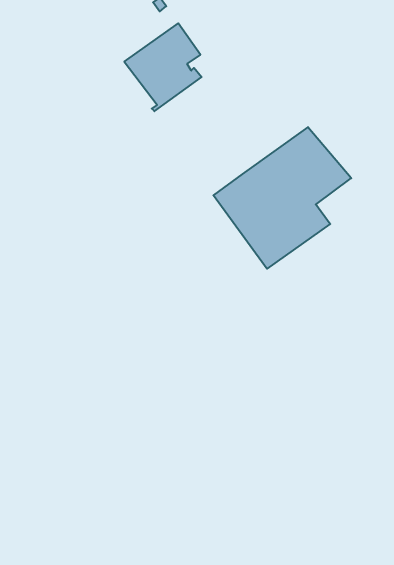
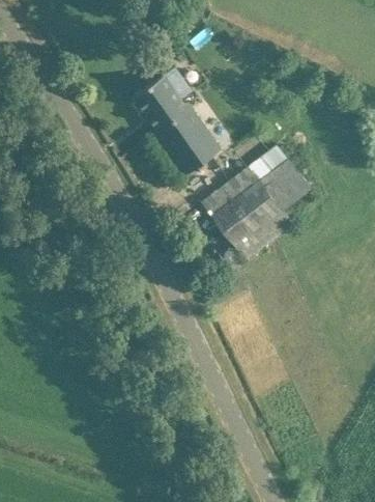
building: none -> [155,108,221,174]

